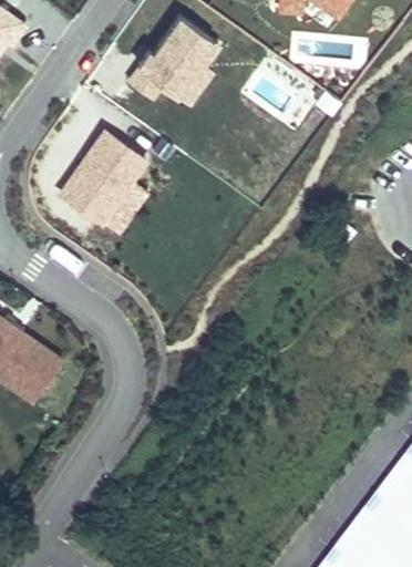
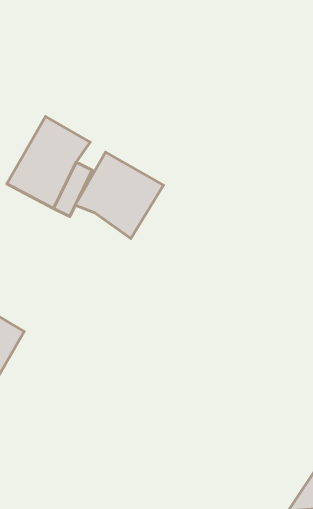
building: [140,17,214,96] -> none
building: none -> [75,152,163,239]

